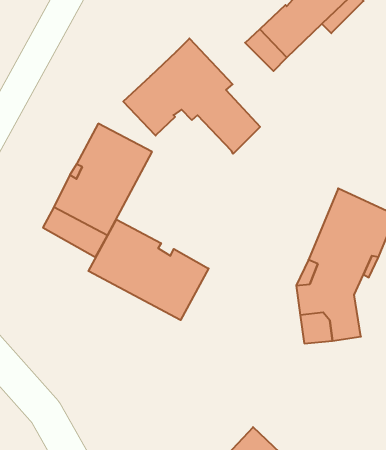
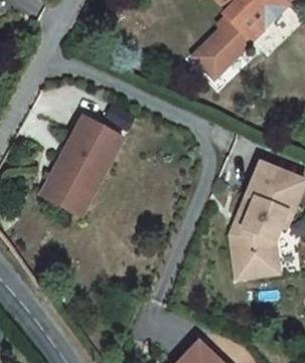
building: [123,38,260,154] -> none
building: [88,219,209,320] -> none

